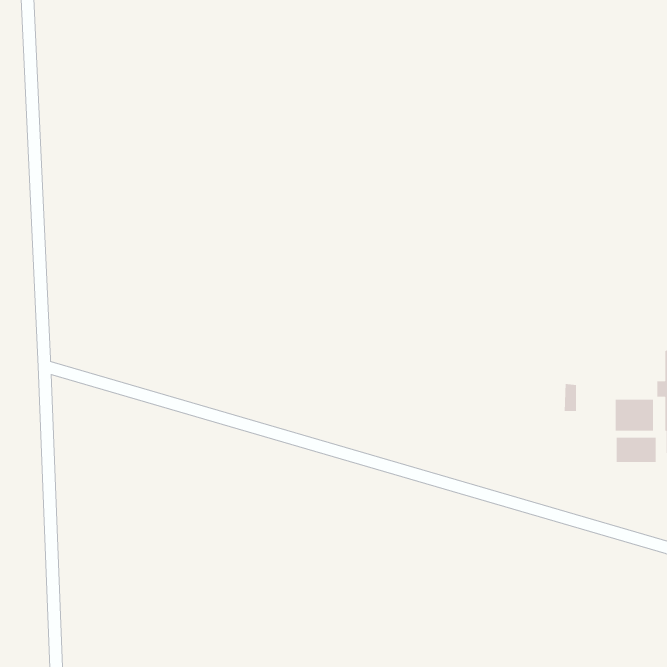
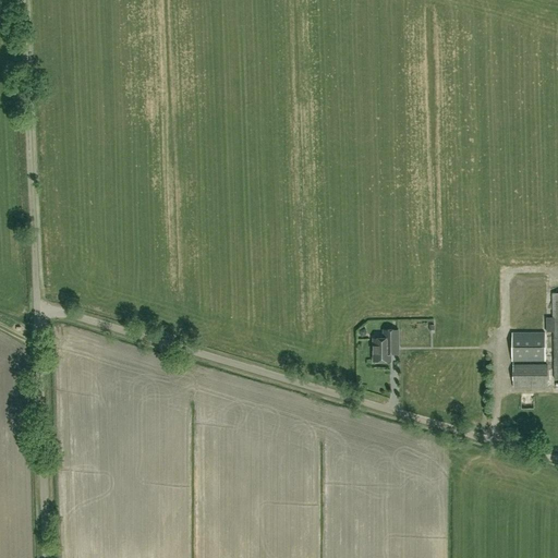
building: none -> [375,329,399,361]

